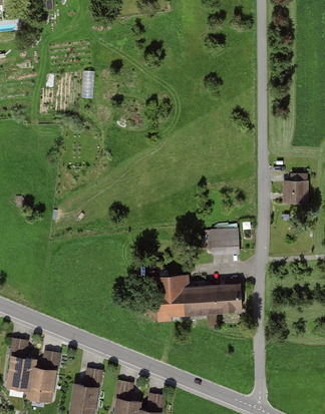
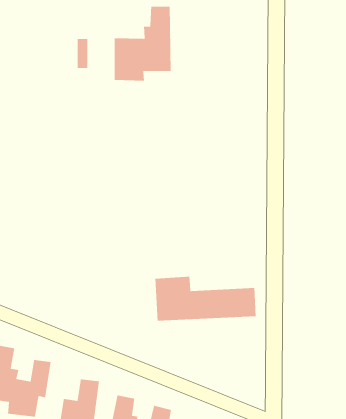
building: none -> [114,6,171,81]
building: [284,178,308,200] -> none
building: [209,231,238,254] -> none

